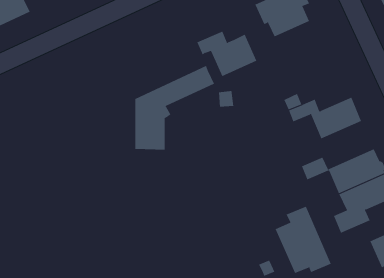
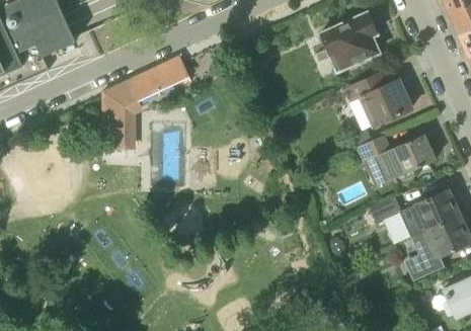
building: [197,31,257,77] -> [346,74,412,123]
building: [135,65,215,150] -> [102,57,189,149]
building: [275,206,332,274] -> none

